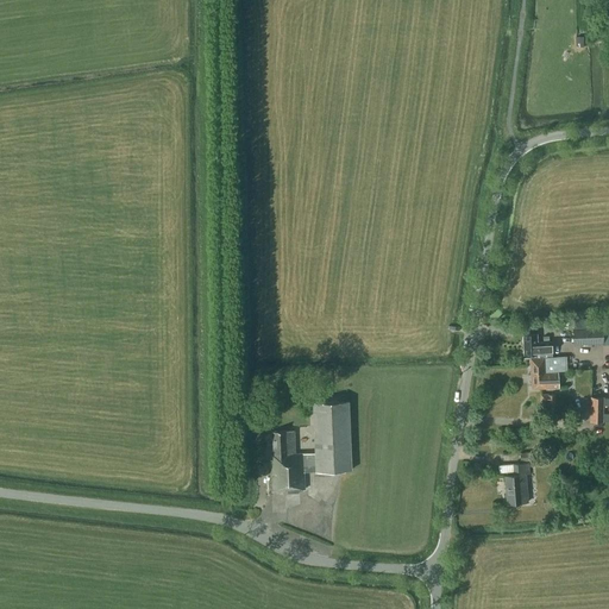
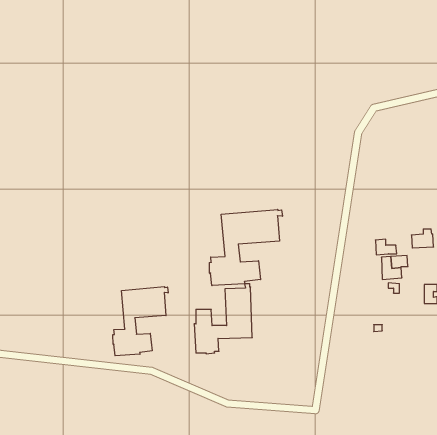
building: none -> [209,209,282,286]
building: none -> [113,287,168,356]
building: [504,465,529,506] -> none

